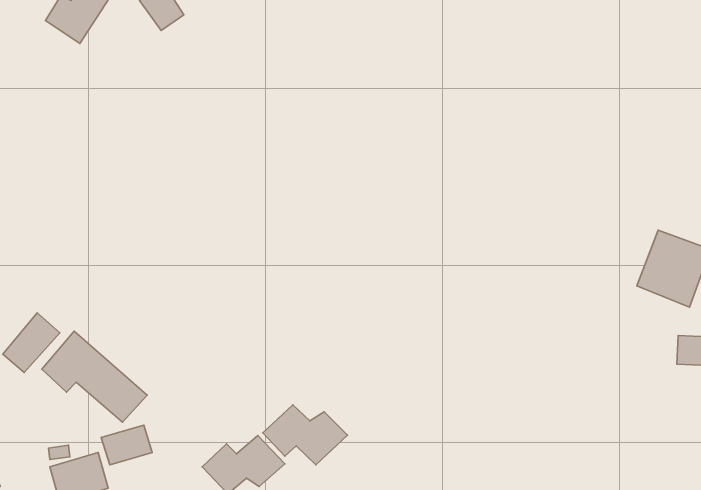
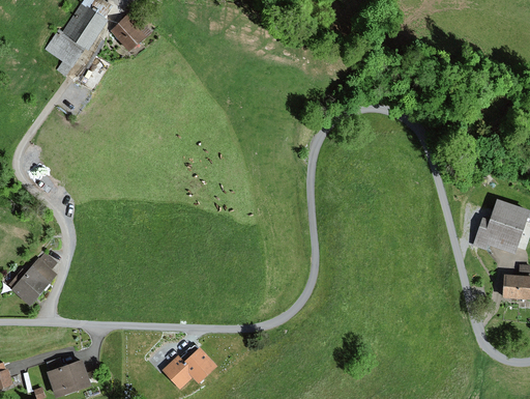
building: [42,331,147,422] -> none
building: [263,405,347,465] -> none
building: [101,425,152,465] -> none

